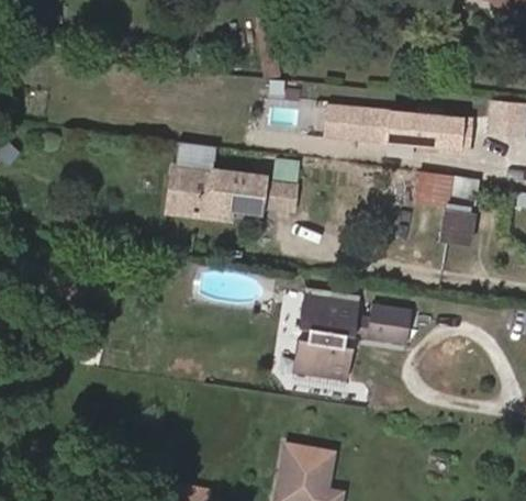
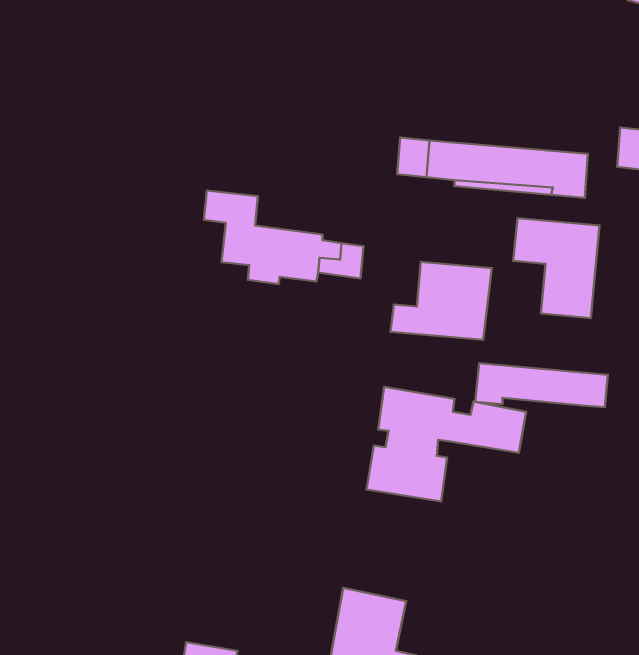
building: [172,168,234,222] -> none
building: none -> [391,262,492,340]
building: none -> [475,363,608,407]

